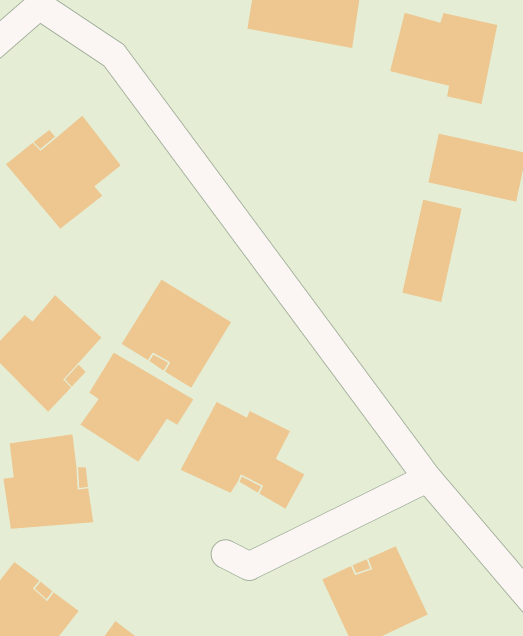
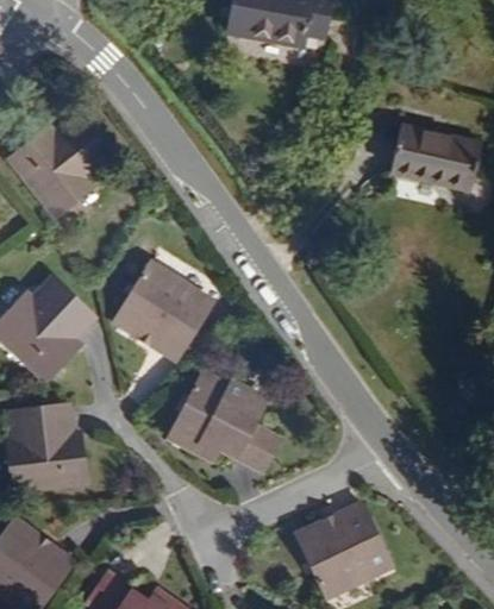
building: [389,12,498,105] -> none
building: [402,199,463,303] -> none
building: [79,352,194,463] -> none

